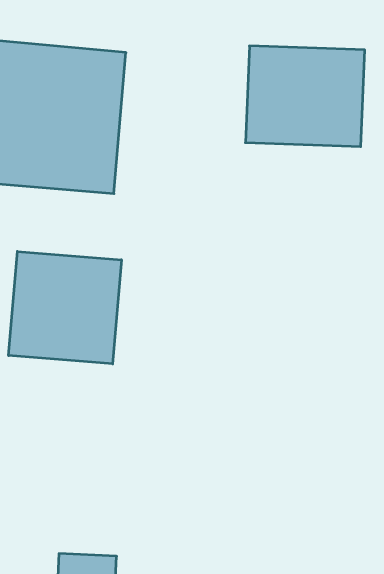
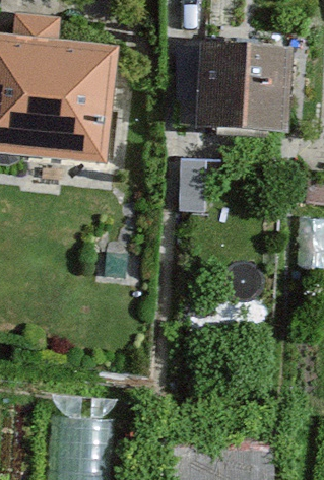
building: [9,251,121,364] -> none

